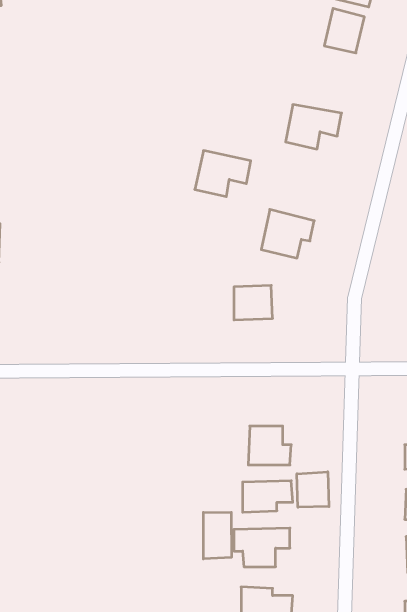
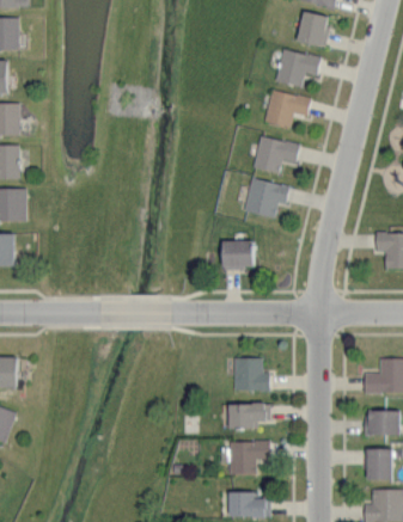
building: none -> [275,50,319,87]
building: [195,151,251,197] -> [252,136,299,174]
building: [297,472,329,507] -> none
building: [203,512,231,559] -> none

